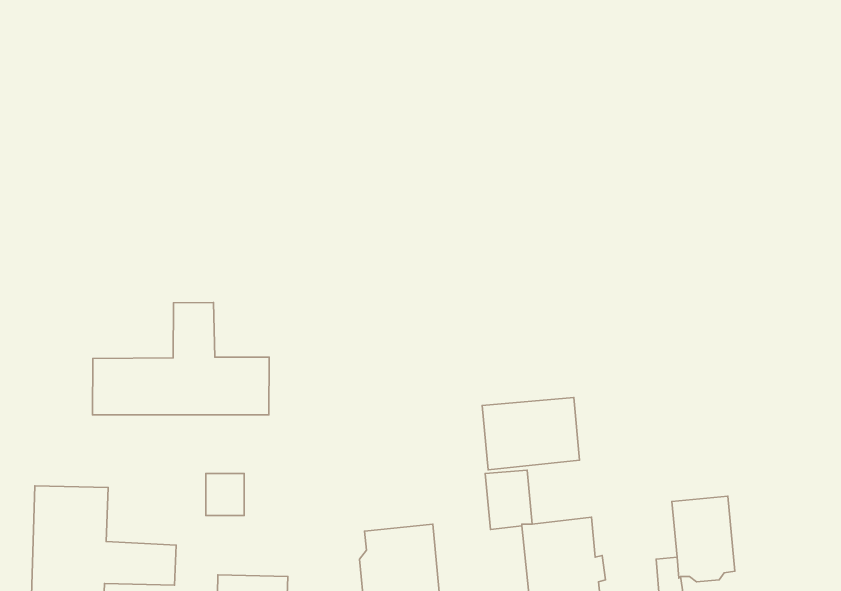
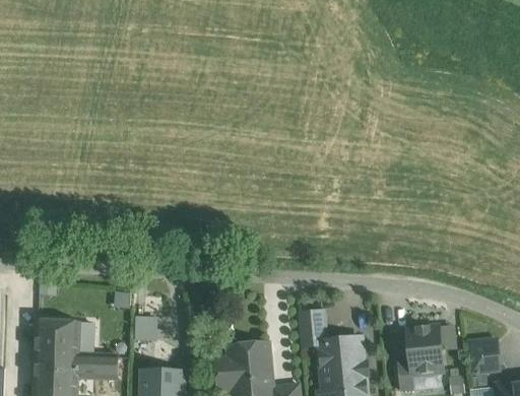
building: [92,302,269,415] -> none
building: [482,398,580,470] -> none
building: none -> [468,338,499,372]

